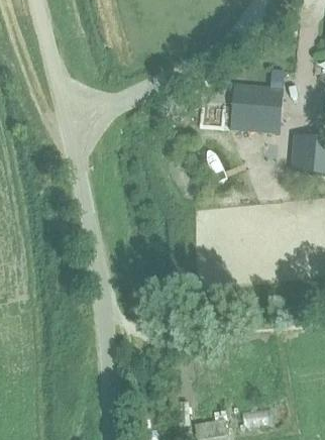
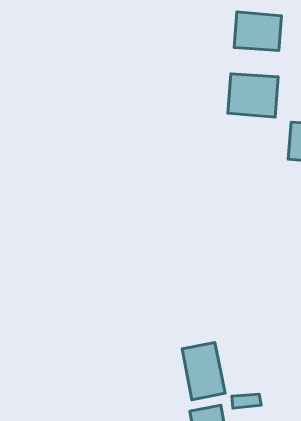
building: none -> [234,12,281,50]
building: none -> [182,342,225,400]

